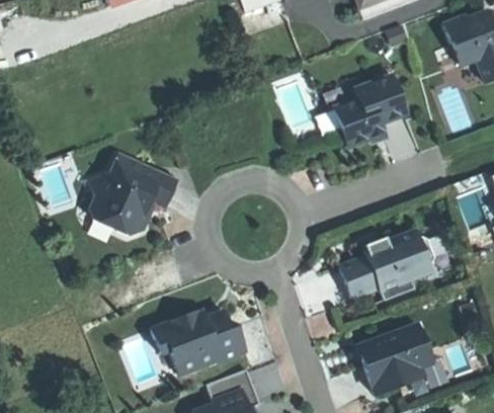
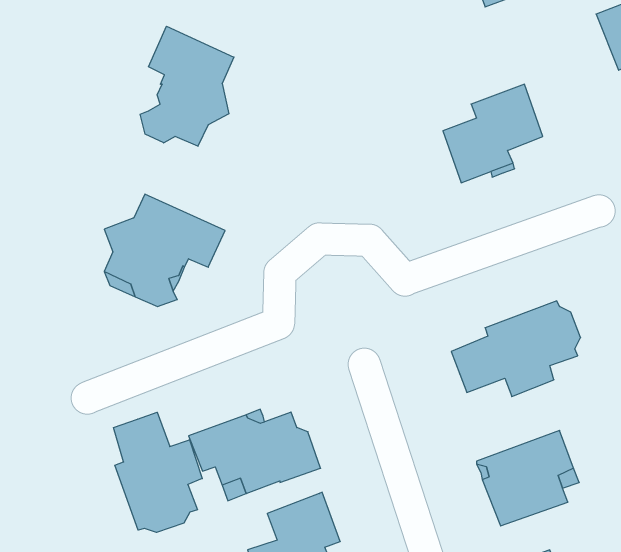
building: none -> [140,26,234,146]
building: none -> [113,412,202,532]

